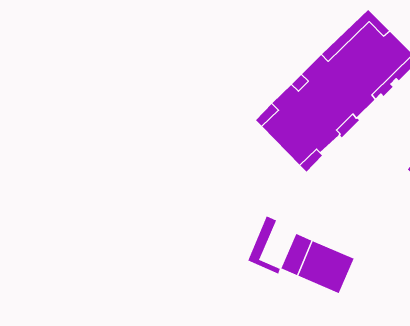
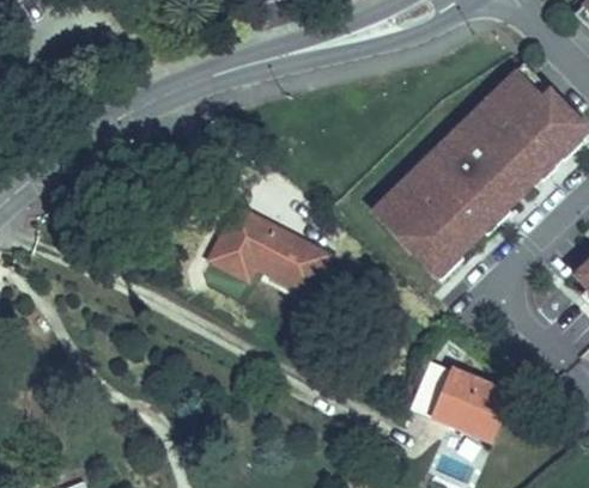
building: none -> [206,206,324,291]
building: [247,216,280,274] -> none

